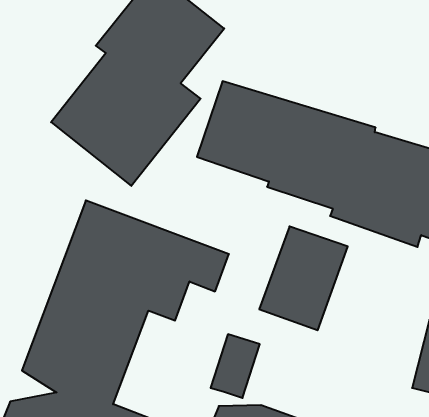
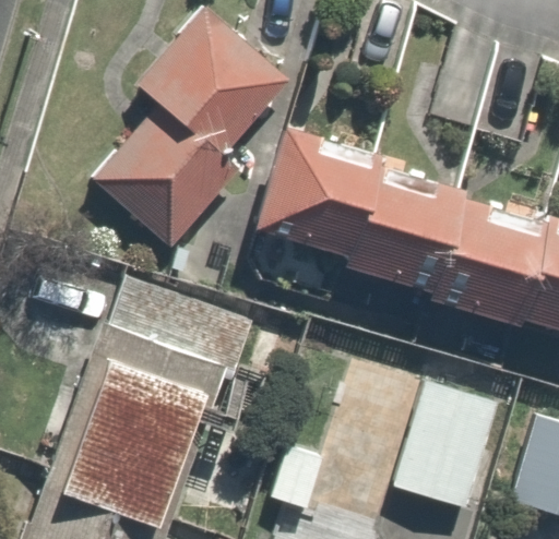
building: [259,226,348,330] -> [395,382,501,506]

